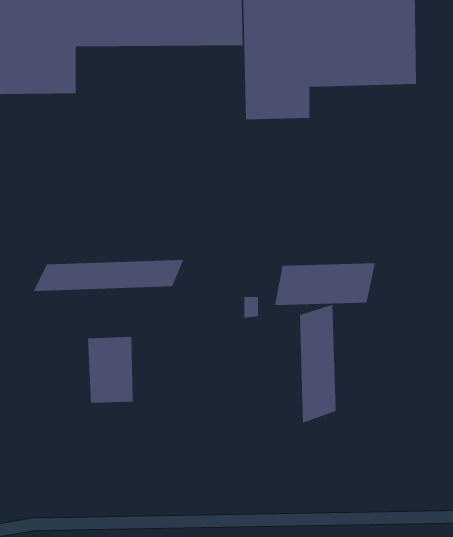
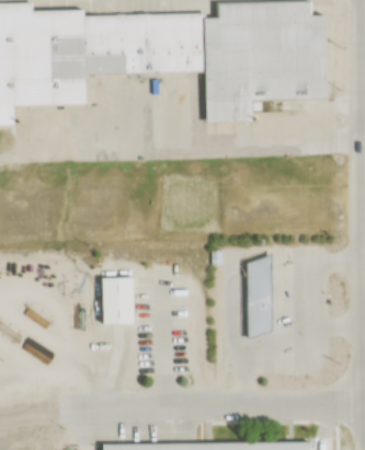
building: [33,259,184,292] -> none
building: [275,262,376,306] -> none

